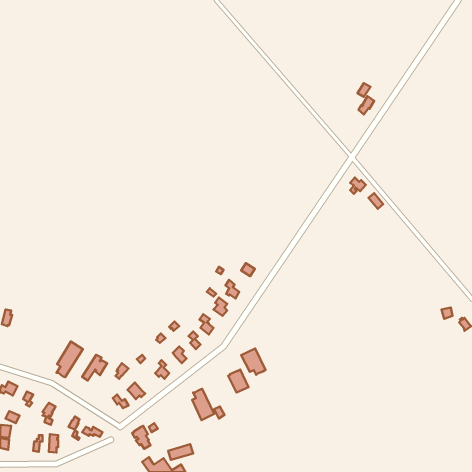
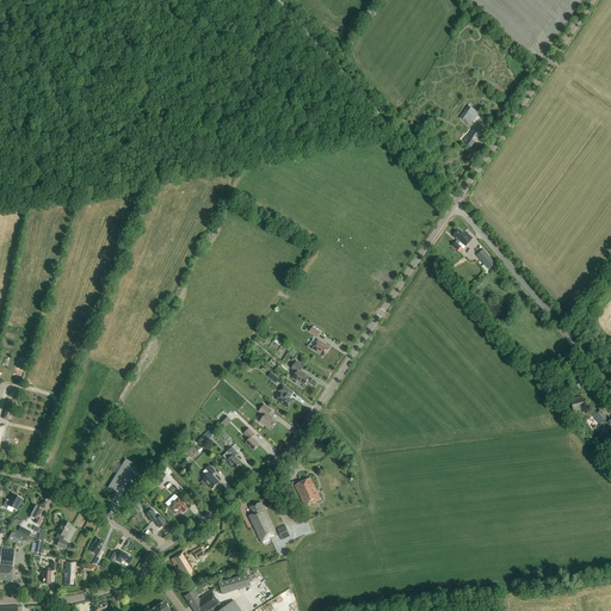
building: [57,341,83,377] -> none
building: [241,349,265,375] -> none

